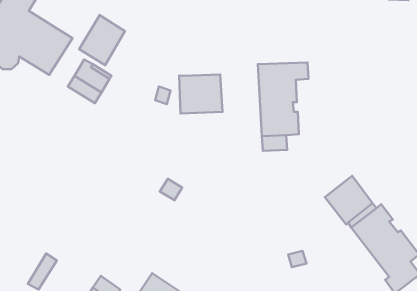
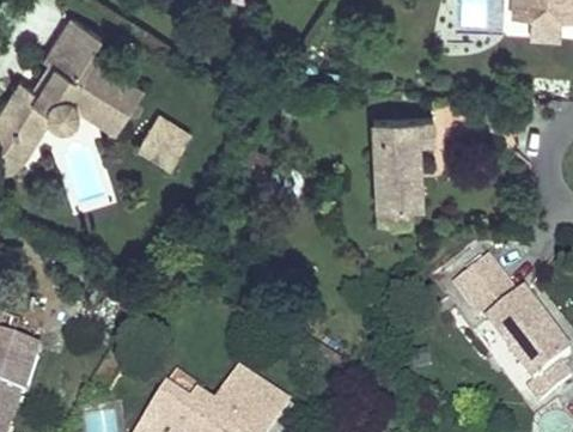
building: [79,15,125,65] -> none
building: [179,75,223,113] -> none

